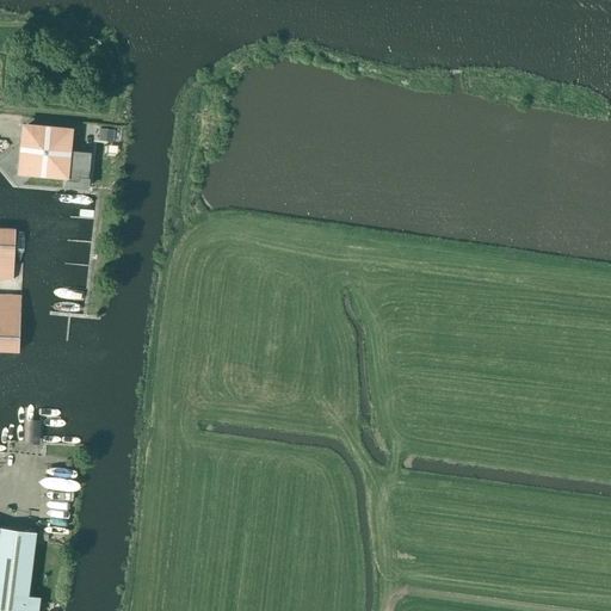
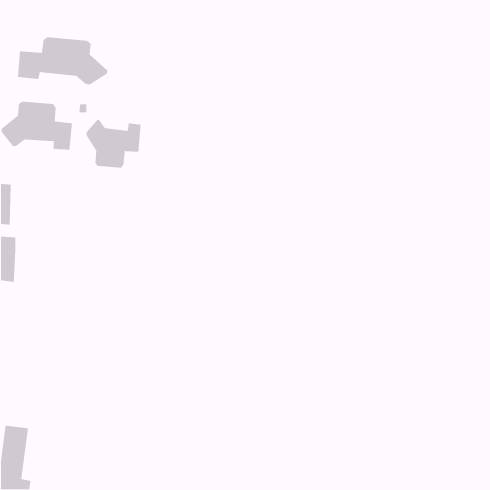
building: none -> [17,36,108,85]
building: none -> [85,119,141,169]

